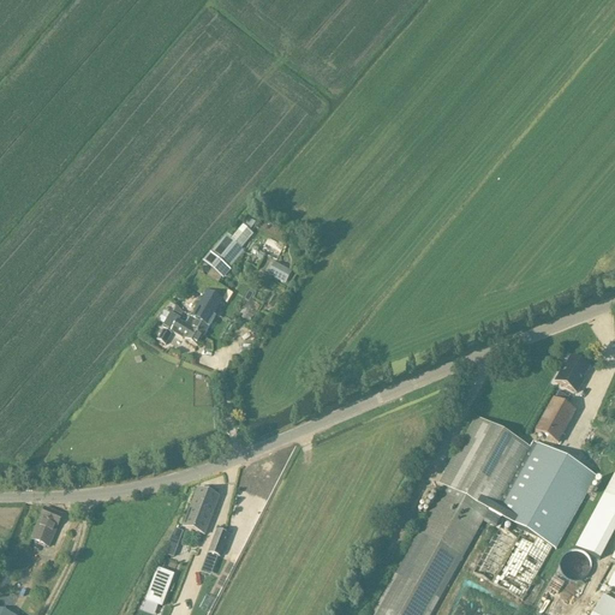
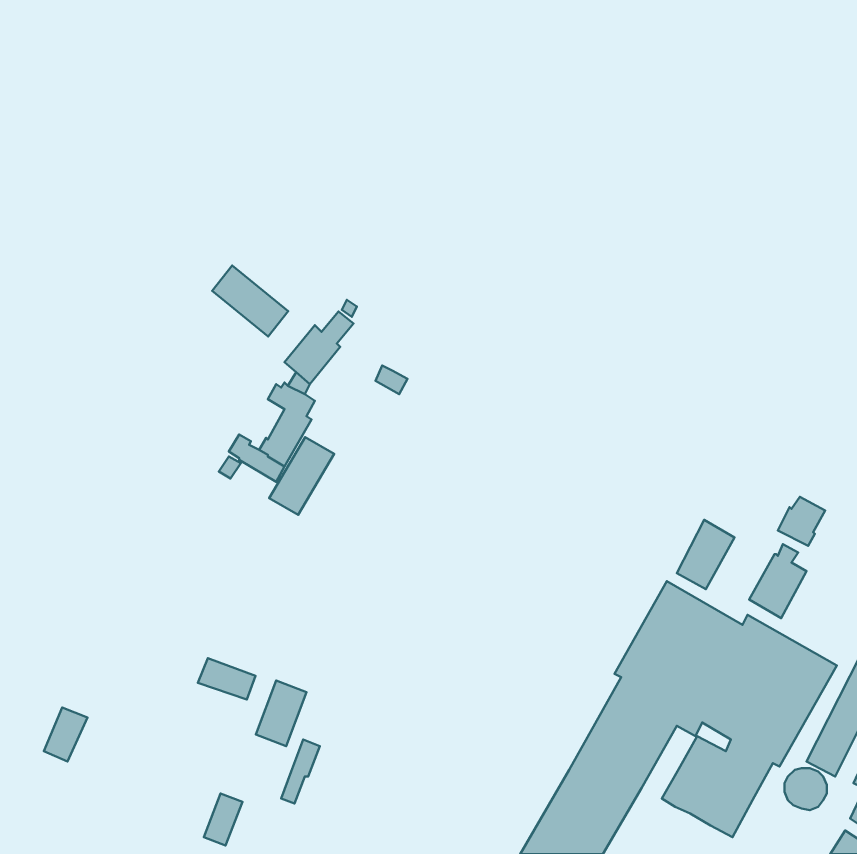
building: none -> [212,265,288,337]
building: none -> [269,437,334,515]
building: none -> [677,520,735,589]
building: none -> [198,658,256,700]

